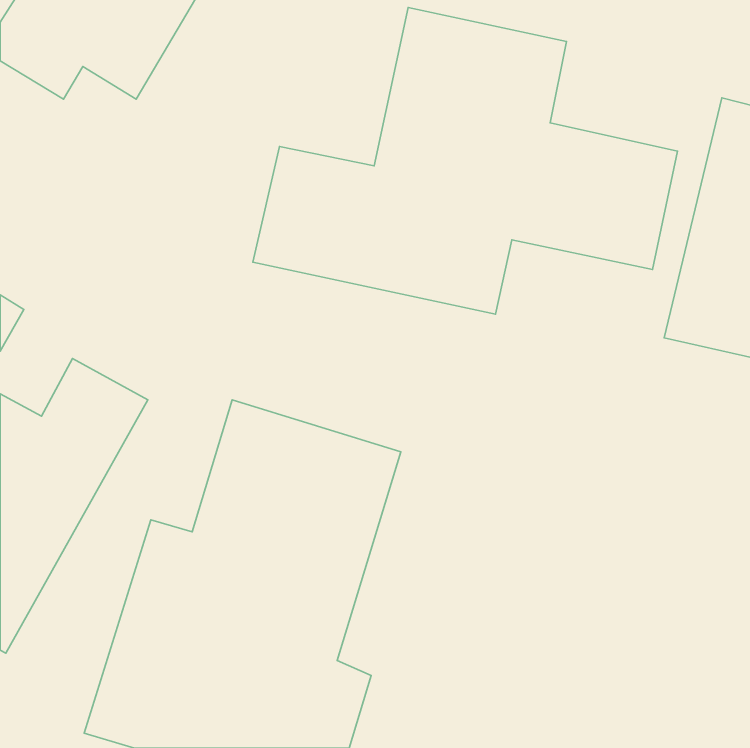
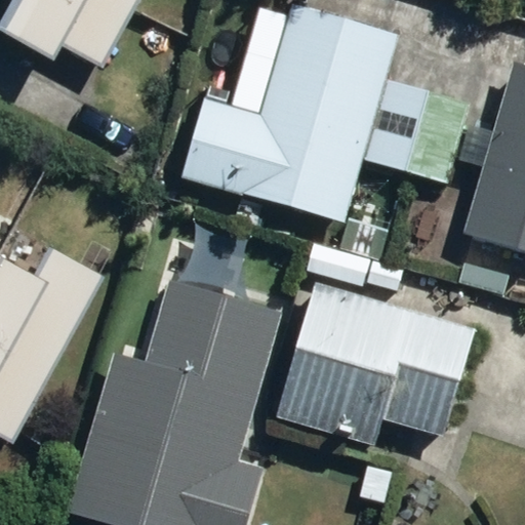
building: none -> [273,284,471,441]

